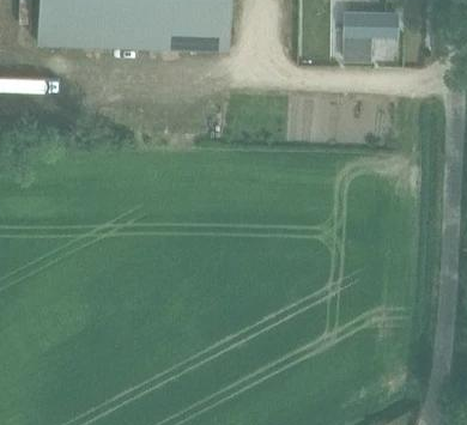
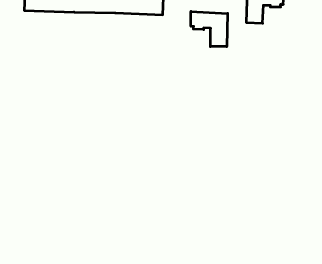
building: none -> [191,11,228,47]

